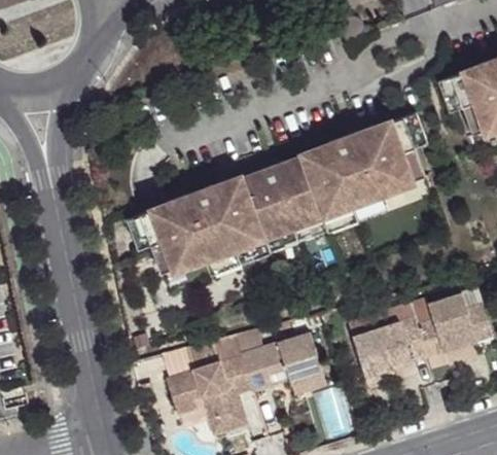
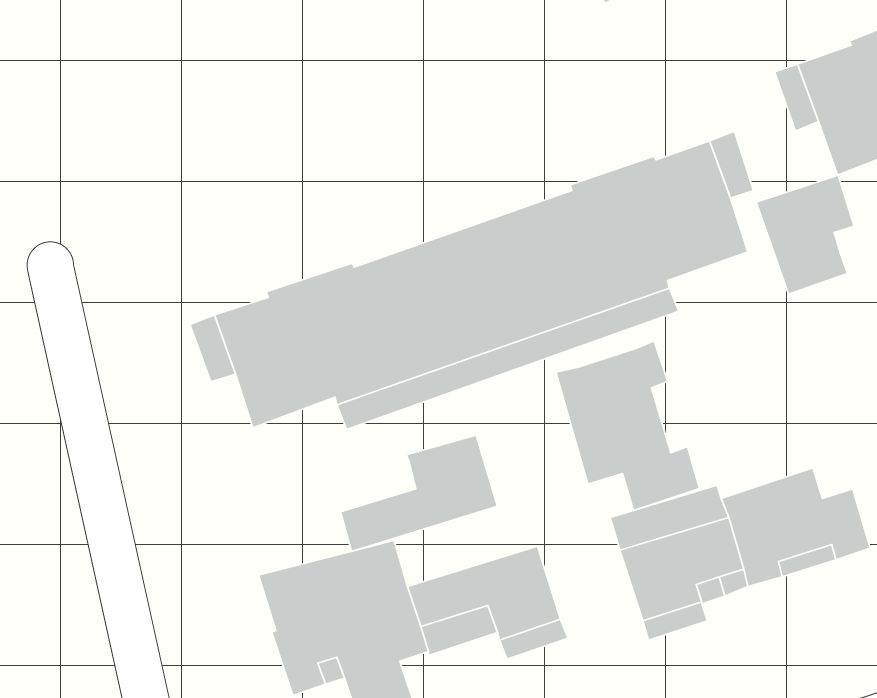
building: none -> [756,175,854,294]
building: none -> [556,341,699,510]
building: none -> [341,435,498,551]

